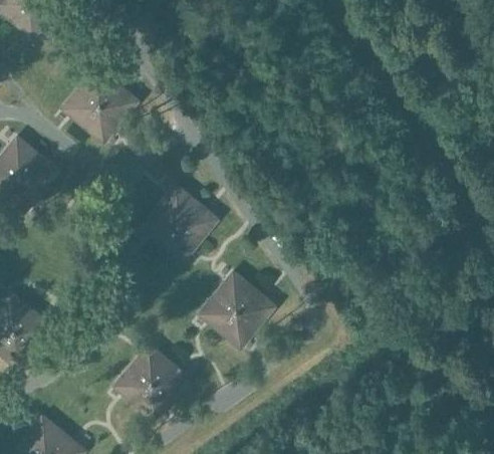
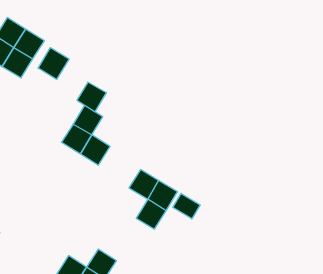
building: none -> [38,48,69,79]
building: [180,202,217,239] -> [77,82,107,112]
building: [199,292,237,330] -> none
building: none -> [173,193,200,219]
building: [132,345,169,382] -> none

